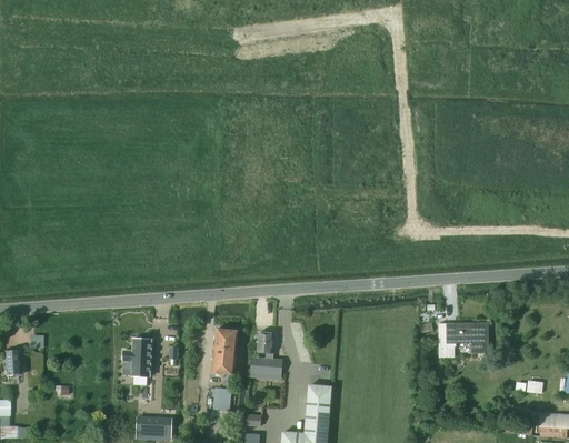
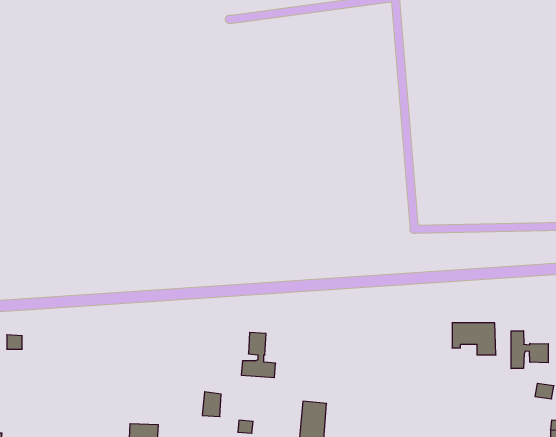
building: [211,329,238,374] -> none
building: none -> [511,331,548,369]
building: [123,339,152,376] -> none

